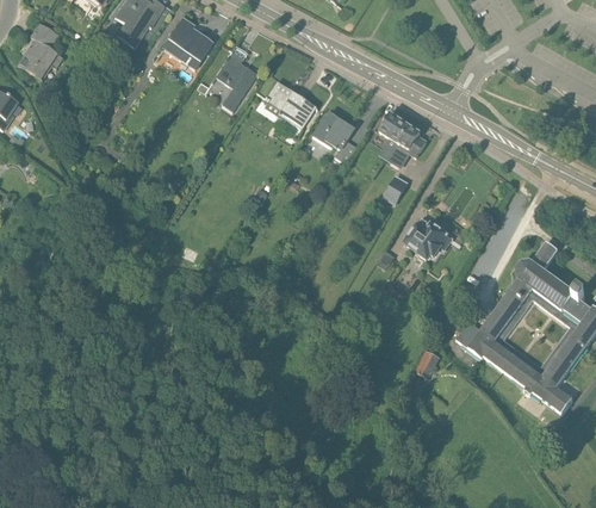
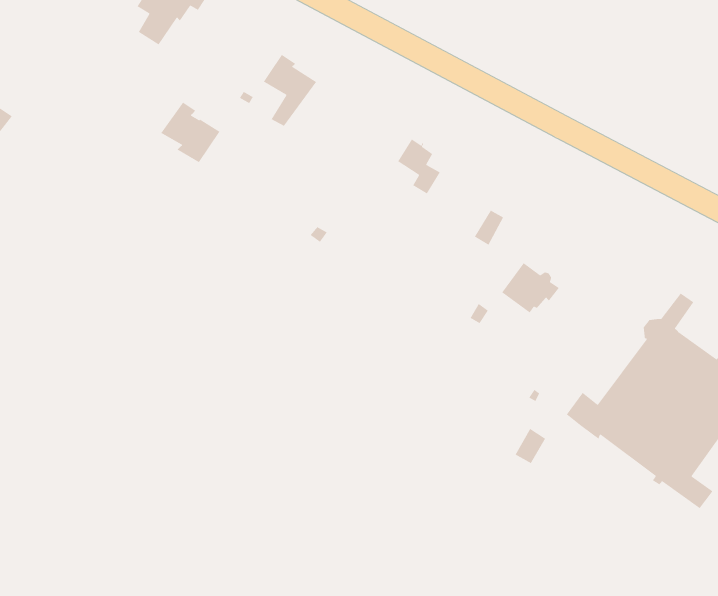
building: [164,19,212,68] -> [160,102,220,163]
building: [18,23,62,80] -> none
building: [265,87,316,129] -> none
building: [379,112,427,166] -> none

